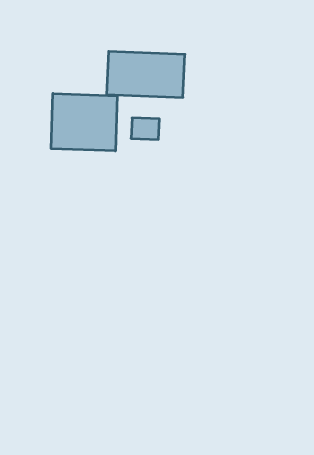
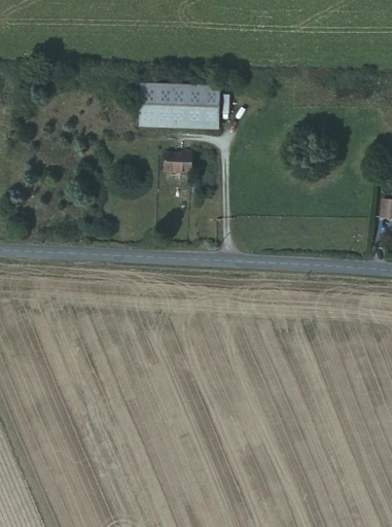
building: [51,93,117,151] -> none

